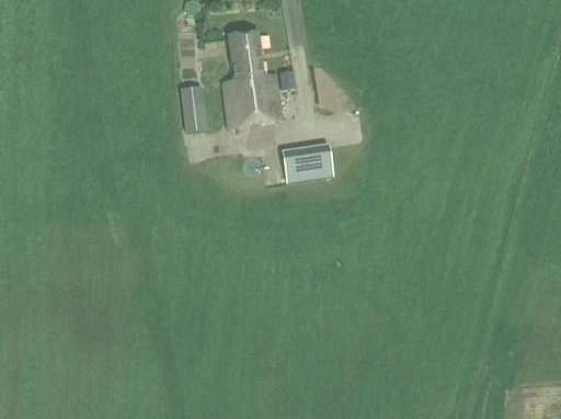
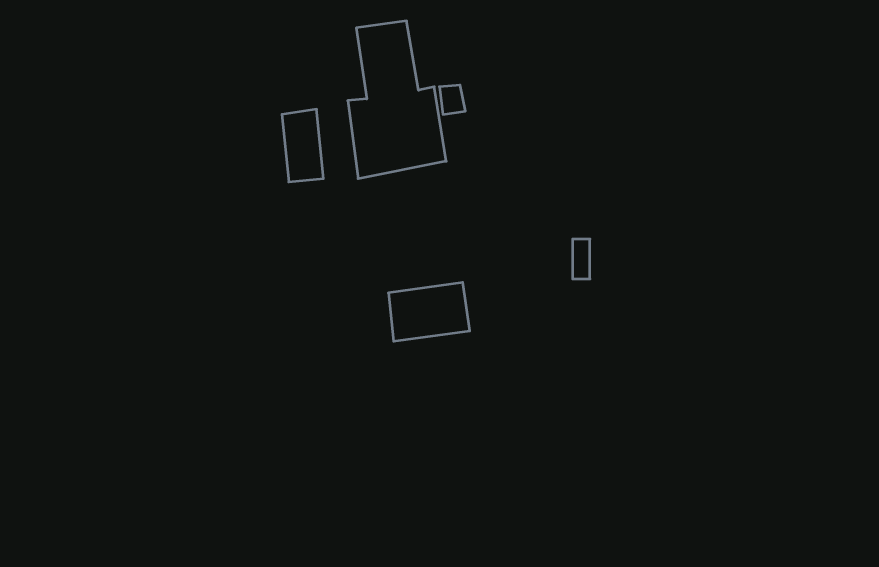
building: [278,144,330,181] -> [388,282,470,341]

